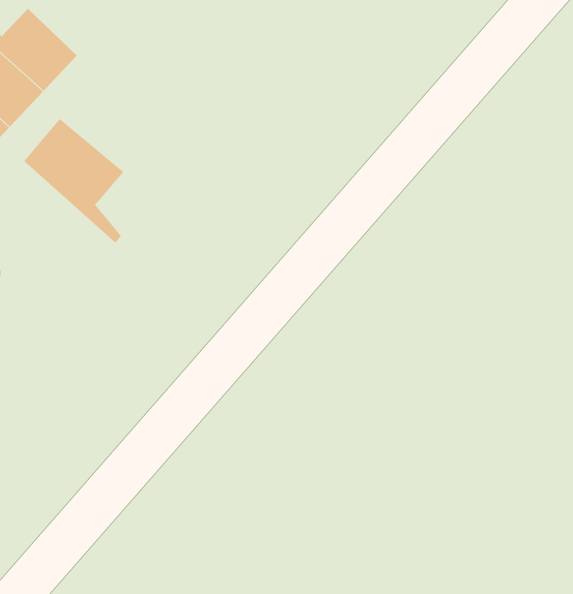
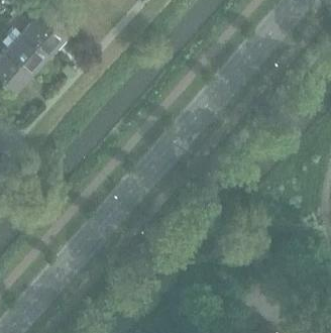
building: [23,118,124,243] -> none

